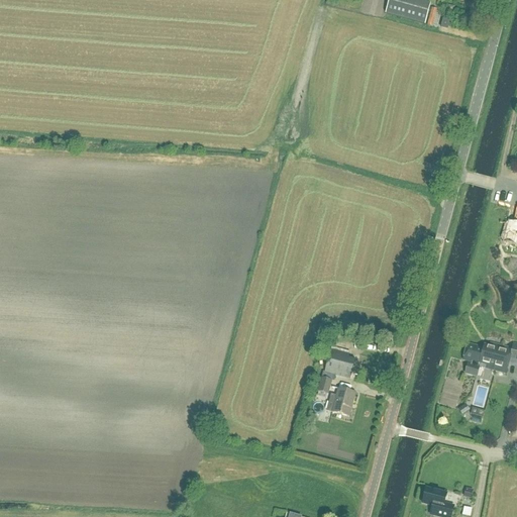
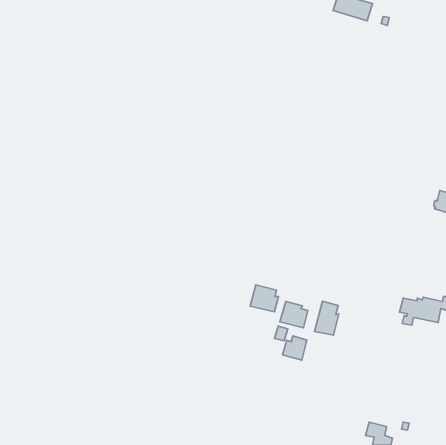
building: none -> [250,285,278,312]
building: none -> [315,301,339,335]

